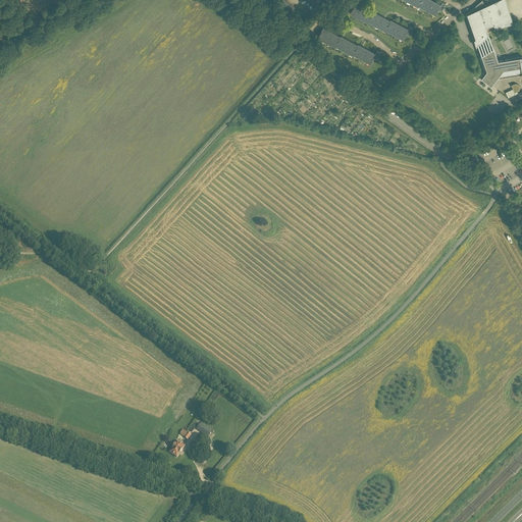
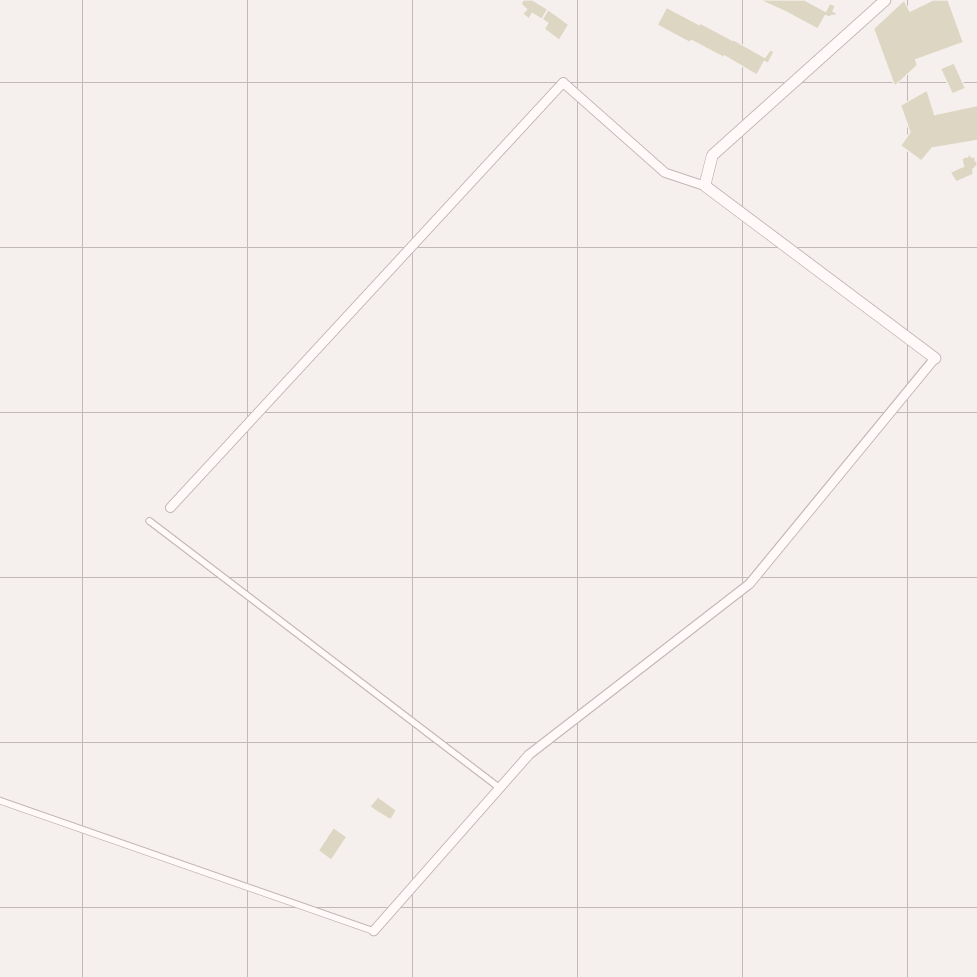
building: [319,30,381,65] -> none

